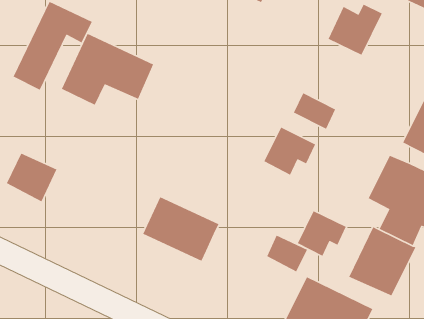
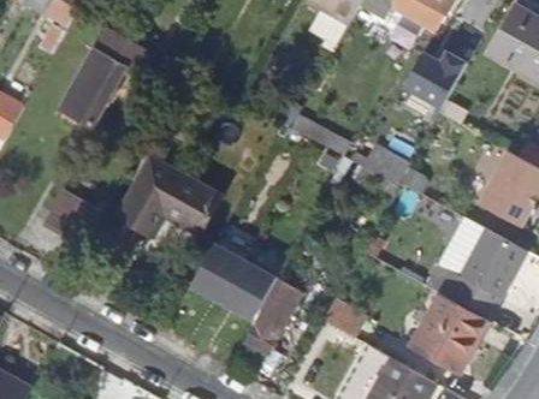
building: [61,33,154,106] -> [119,155,221,234]
building: [263,126,316,176] -> none
building: [297,210,347,257] -> none
building: none -> [247,290,290,359]

